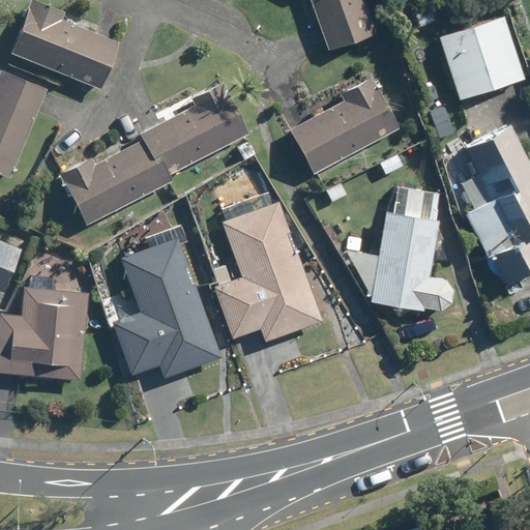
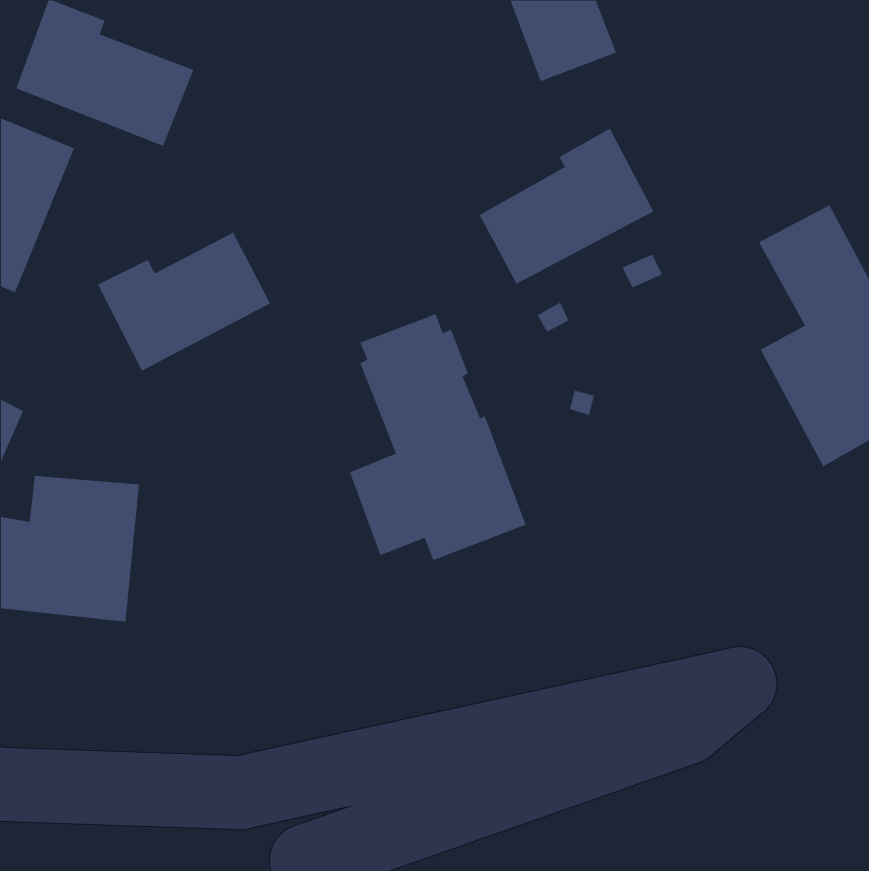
building: [437,14,520,97] -> none
building: [140,84,249,184] -> none
building: [374,187,454,311] -> none
building: [111,226,220,378] -> none

